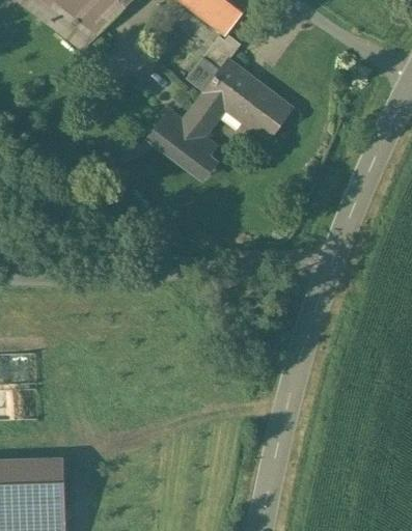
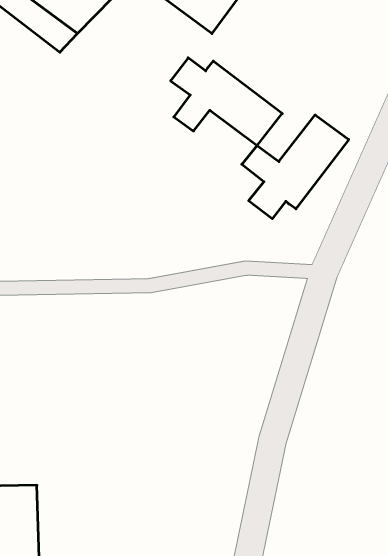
building: [205,33,241,65] -> none
building: none -> [242,115,349,219]
building: [149,112,215,171] -> none

